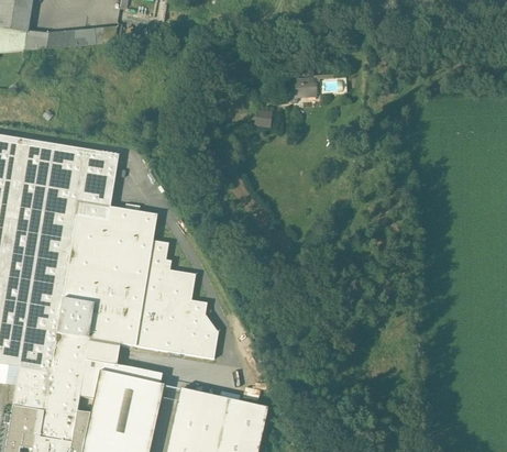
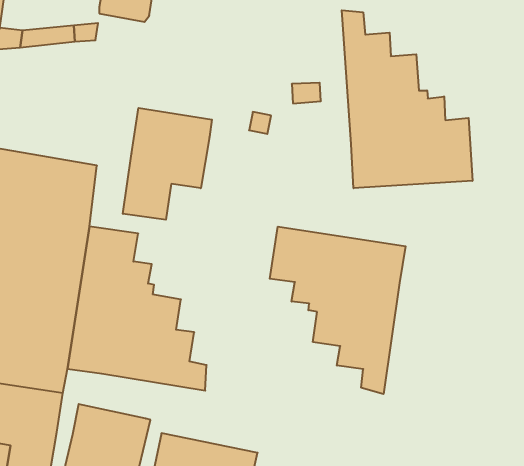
building: none -> [342,10,472,188]
building: none -> [123,108,212,220]
building: none -> [270,227,406,394]
building: [80,339,163,398] -> none

